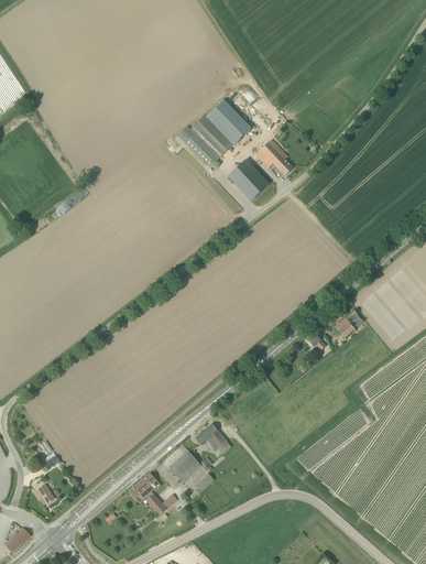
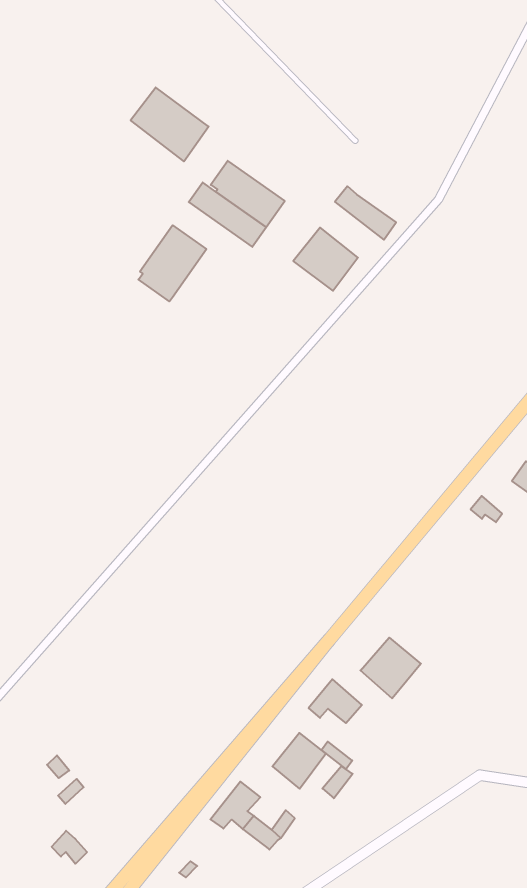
building: [207,99,251,144] -> [131,87,209,161]
building: none -> [138,225,206,301]
building: none -> [360,638,421,698]

